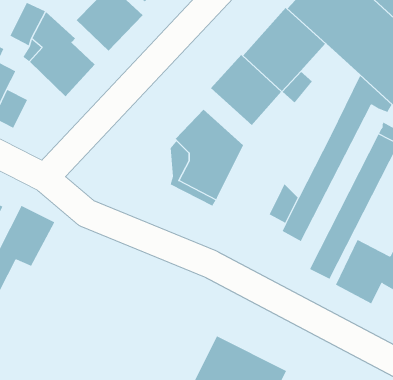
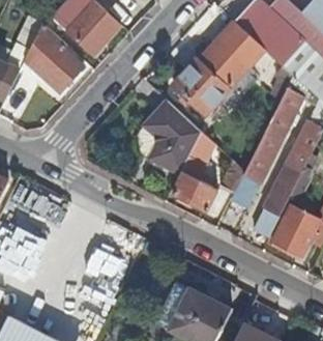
building: none -> [173,130,216,210]

